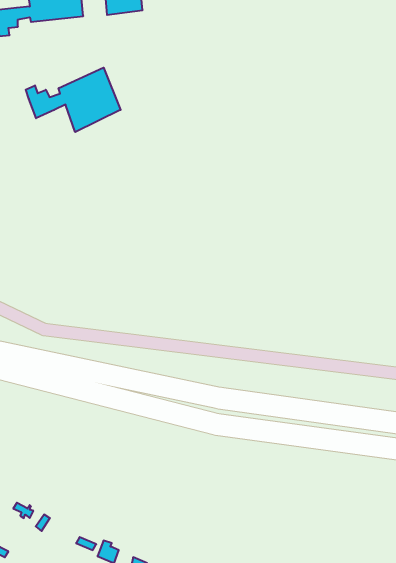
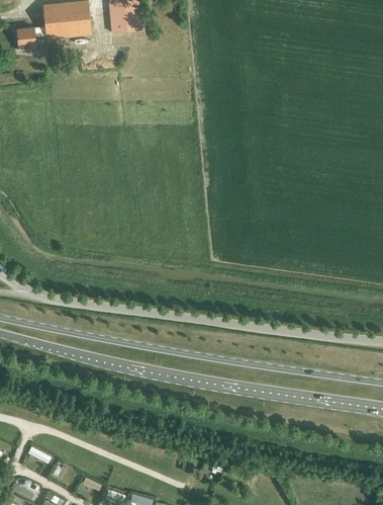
building: [26,68,121,132] -> none

